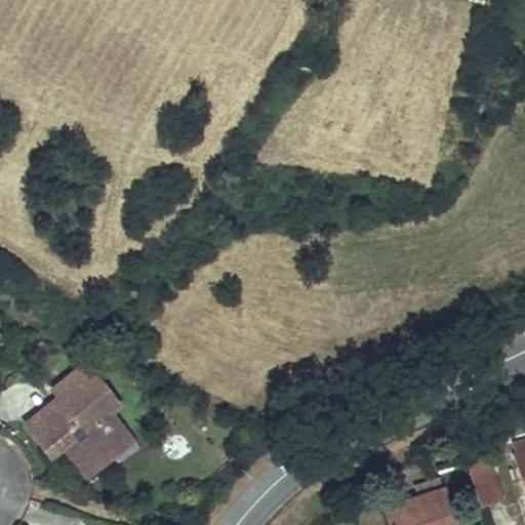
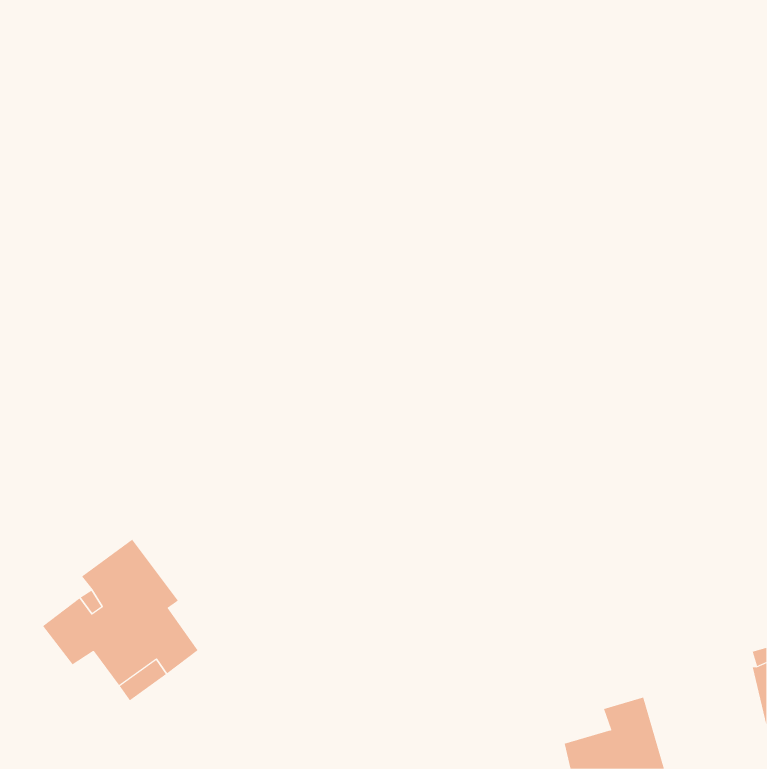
building: [468,458,501,504] -> none

